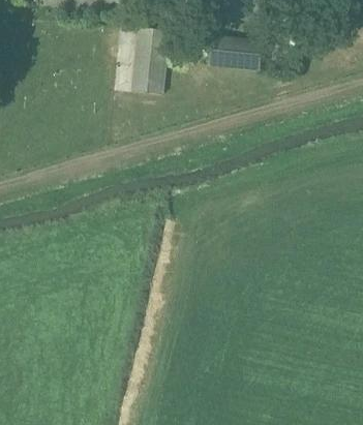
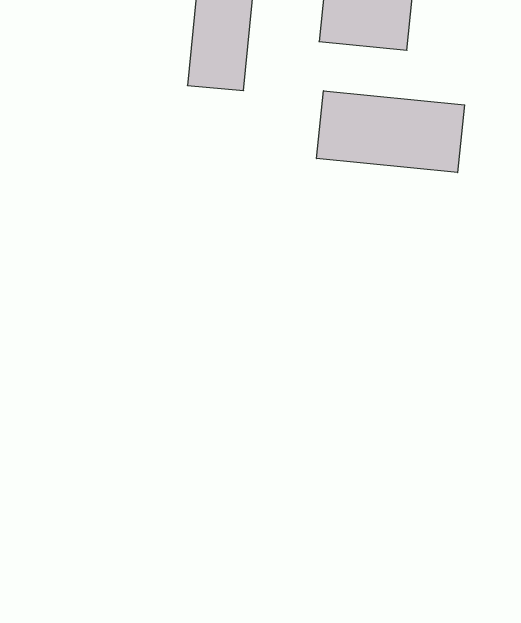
building: none -> [317,91,465,173]

